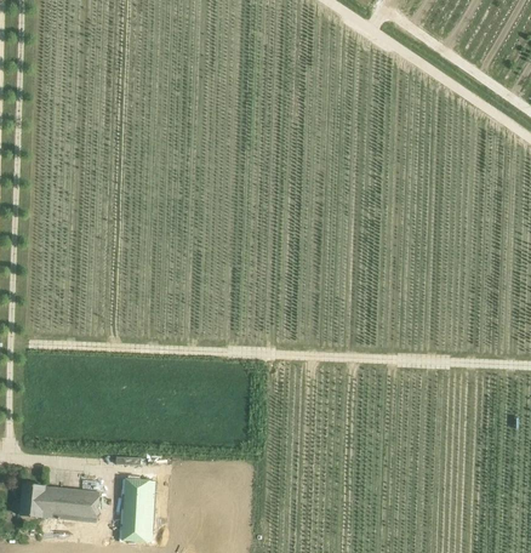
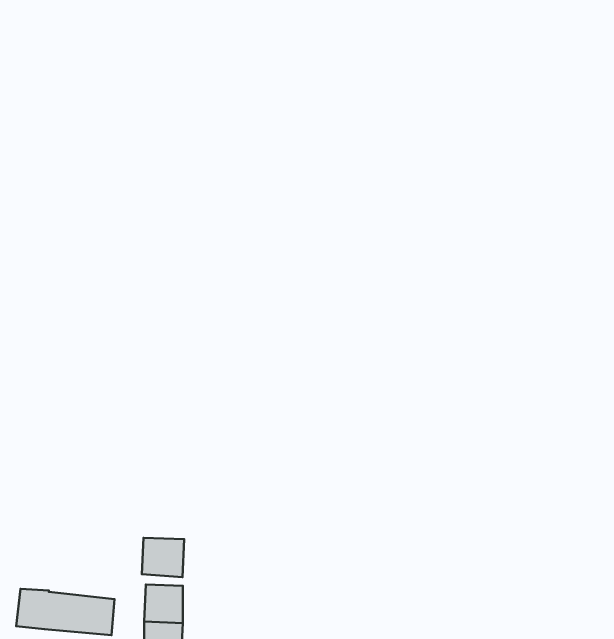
building: none -> [142,538,184,577]

